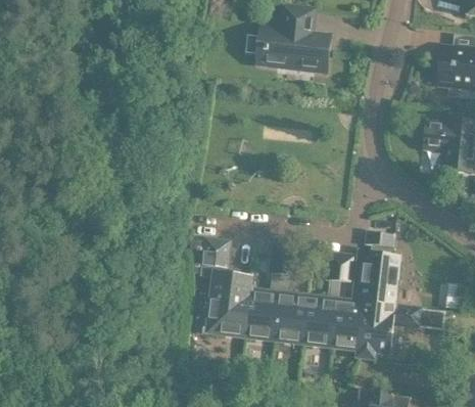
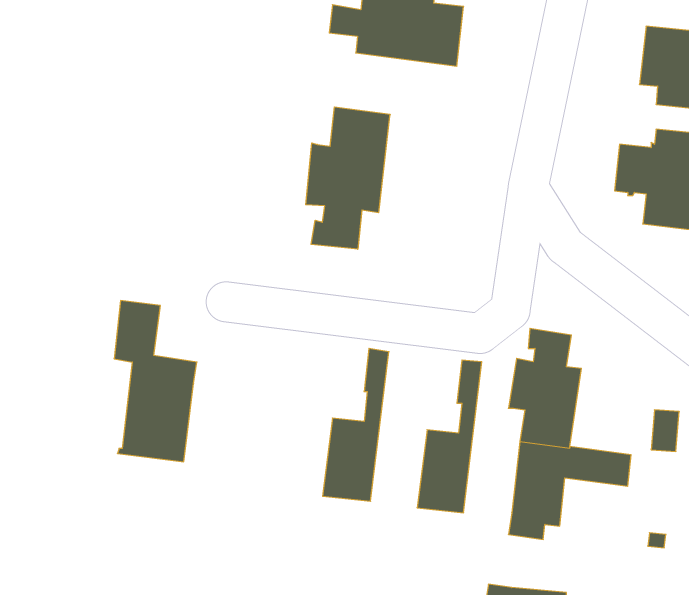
building: none -> [306,107,390,249]
building: [200,236,251,335] -> [114,301,197,462]
building: [273,246,307,343] -> none
building: [330,253,368,350] -> none

